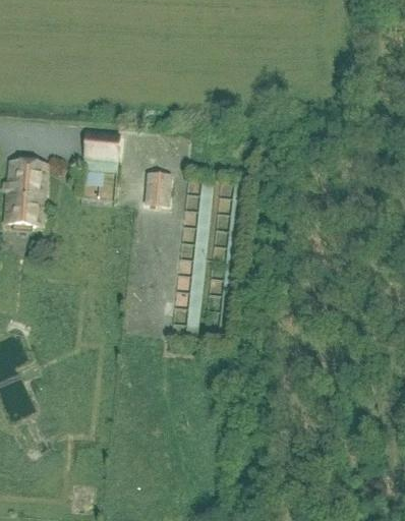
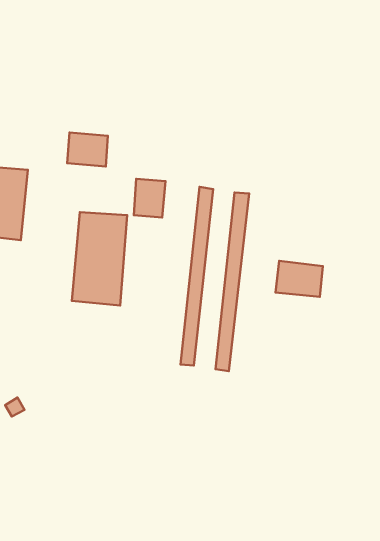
building: none -> [72,212,127,306]
building: none -> [276,261,323,297]

